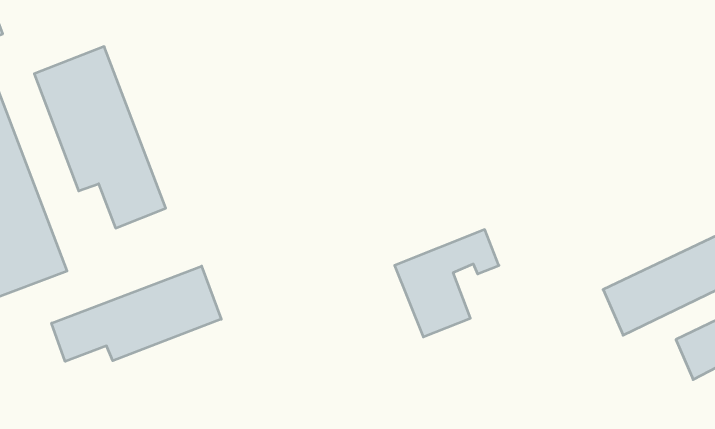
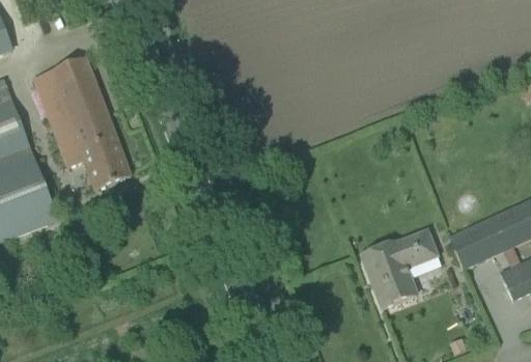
building: [395,230,499,337] -> [361,230,437,308]
building: [52,266,221,361] -> none

